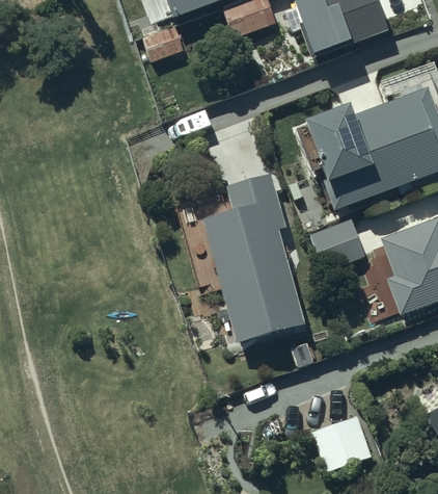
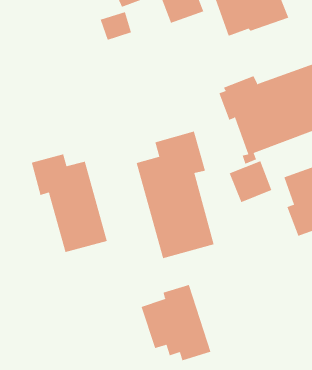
building: none -> [31,153,107,253]
building: none -> [141,284,211,361]
building: [314,413,376,470] -> none

